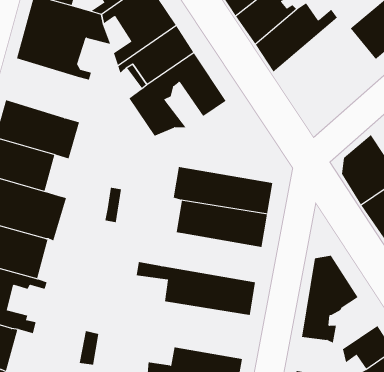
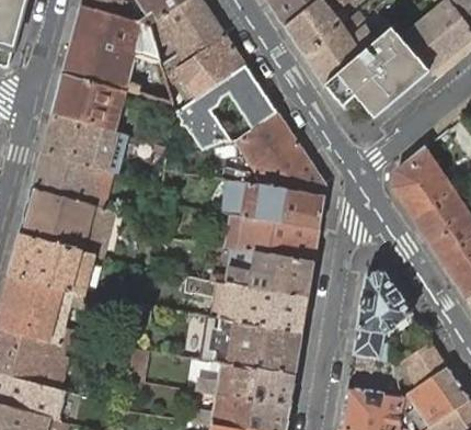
building: none -> [324,30,428,118]
building: none -> [53,71,125,132]
building: none -> [223,114,326,197]
building: none -> [211,249,313,298]
building: none -> [199,317,301,376]

